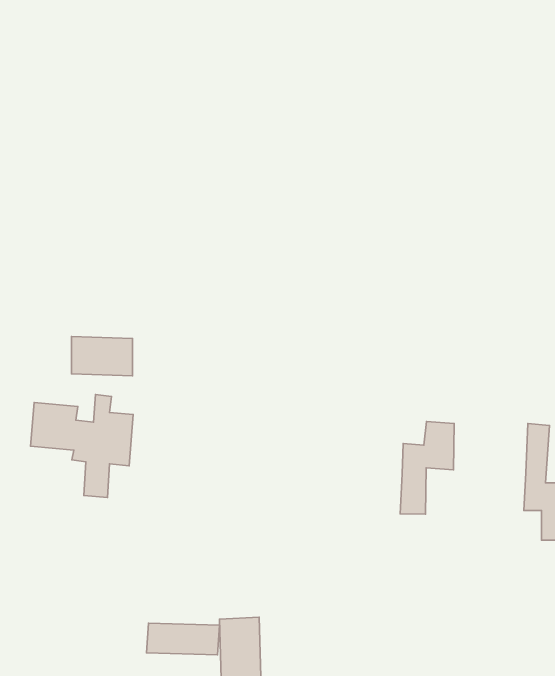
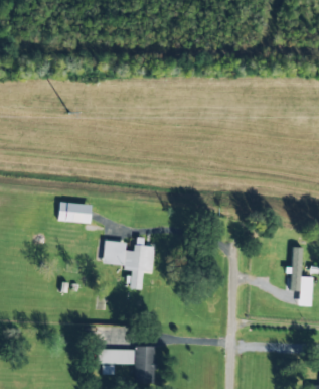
building: [30,395,133,497] -> [103,237,155,289]
building: [400,421,454,514] -> none

